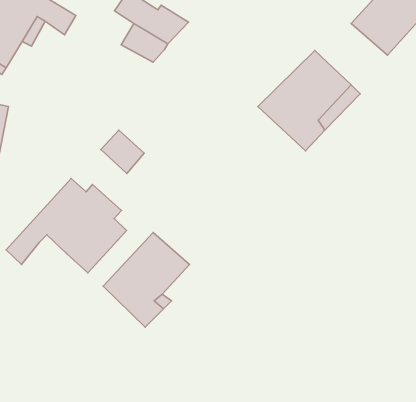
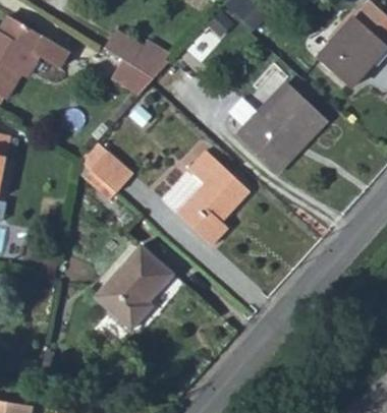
building: none -> [177,151,248,245]
building: [6,179,126,273] -> none

